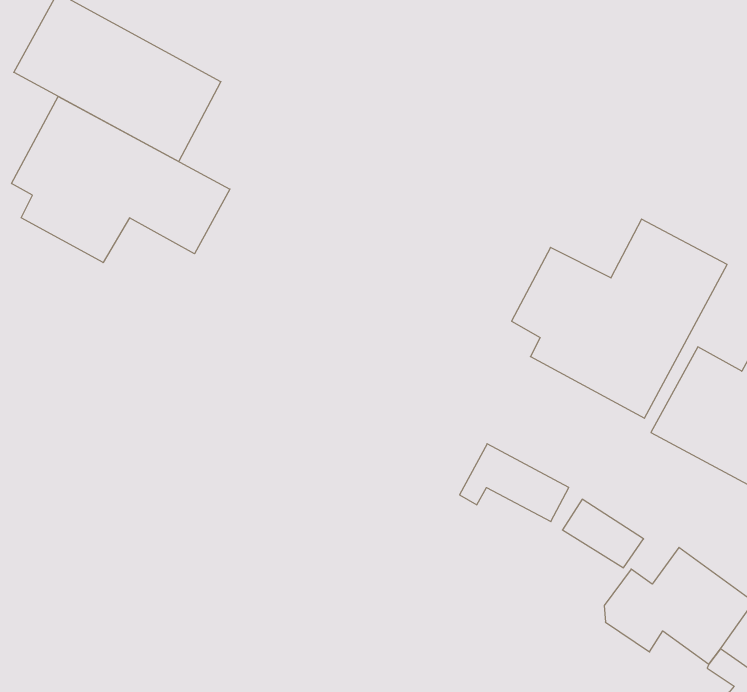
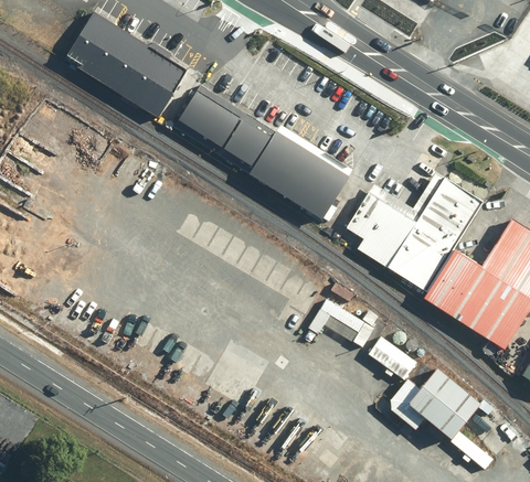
building: [12,96,230,263] -> none
building: none -> [178,89,349,217]

